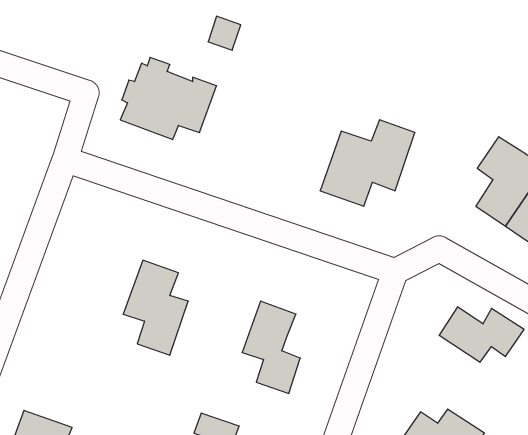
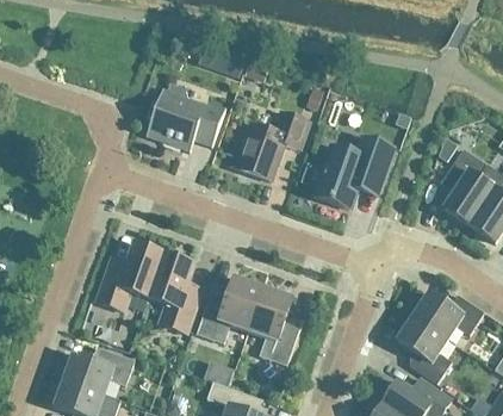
building: none -> [226,111,309,180]
building: none -> [95,242,163,310]
building: none -> [195,277,262,342]
building: none -> [396,316,451,383]
building: none -> [60,348,133,393]

